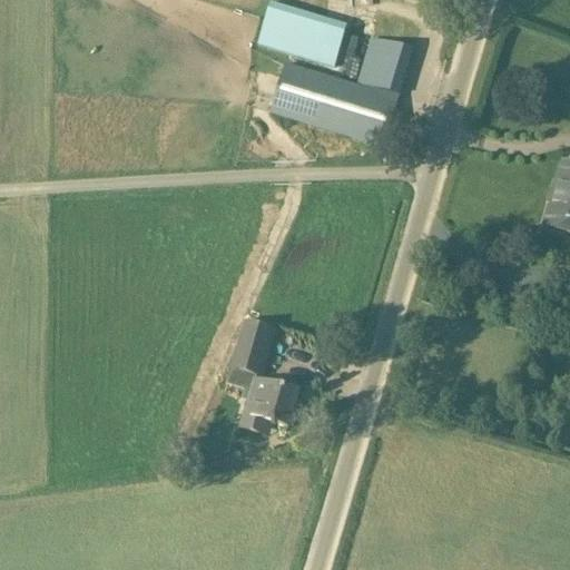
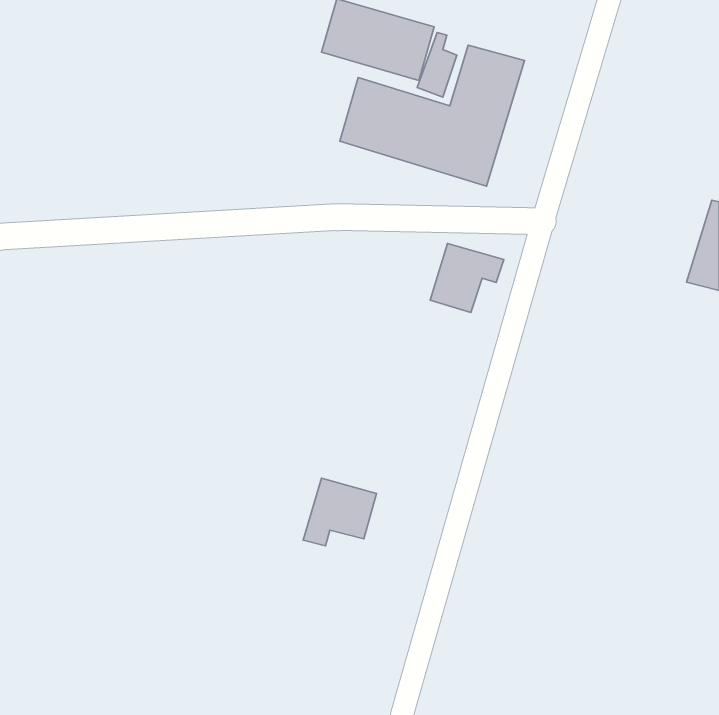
building: none -> [430,243,504,312]
building: [230,320,276,376] -> none

